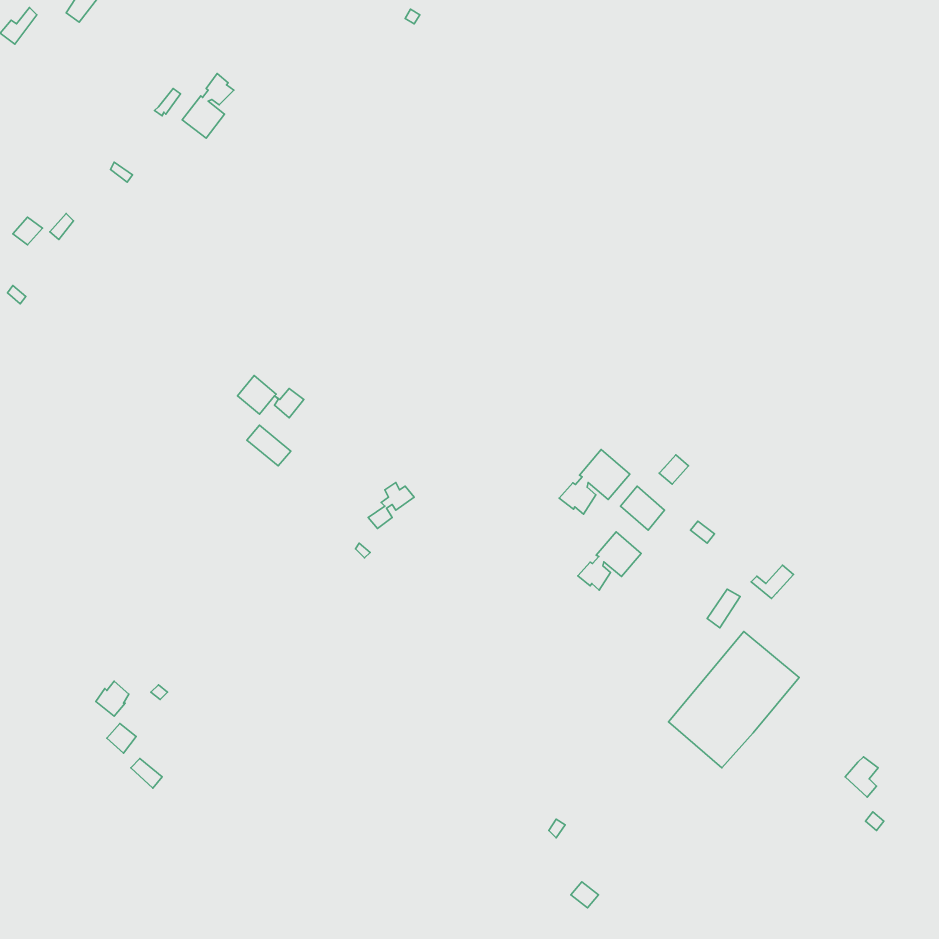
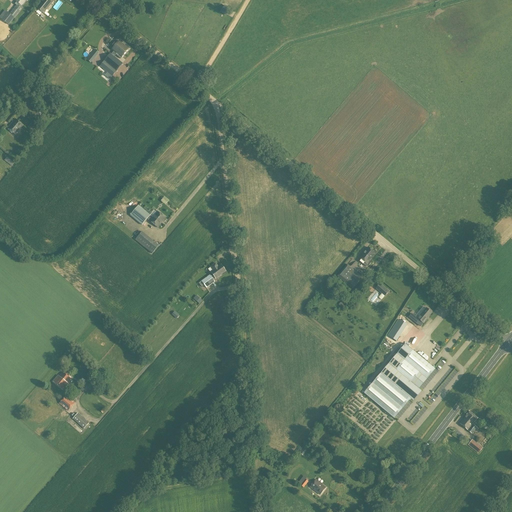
building: [559,450,630,514] -> none
building: [578,532,641,590] -> none

